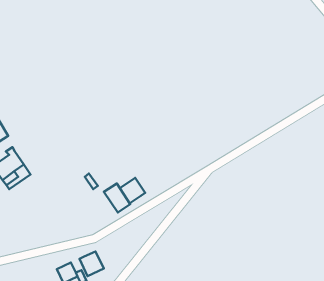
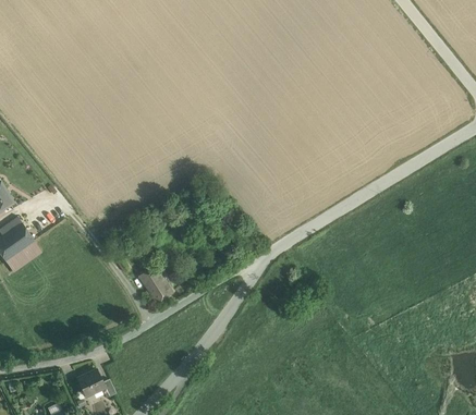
building: [120,178,145,203] -> none
building: [80,251,104,276] -> none

